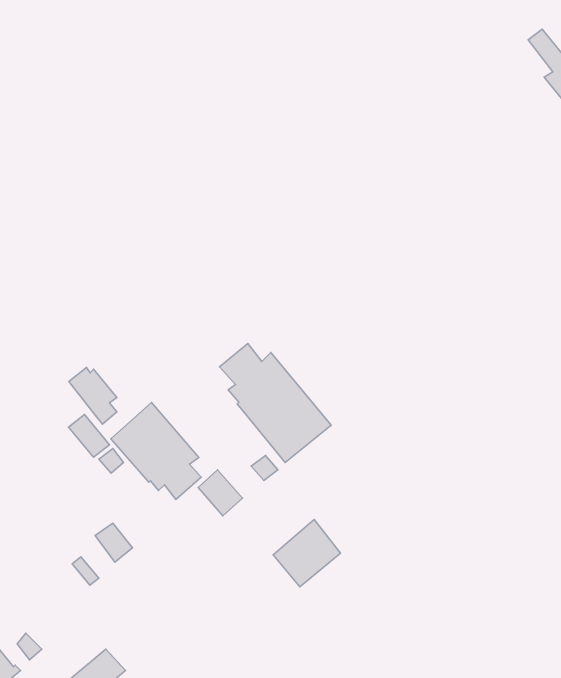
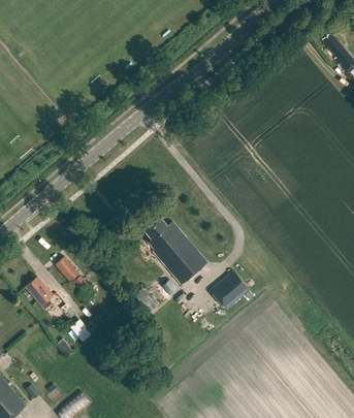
building: [69,367,117,424] -> [25,278,53,311]
building: [111,403,201,499] -> none
building: [273,519,341,587] -> [210,269,249,309]

